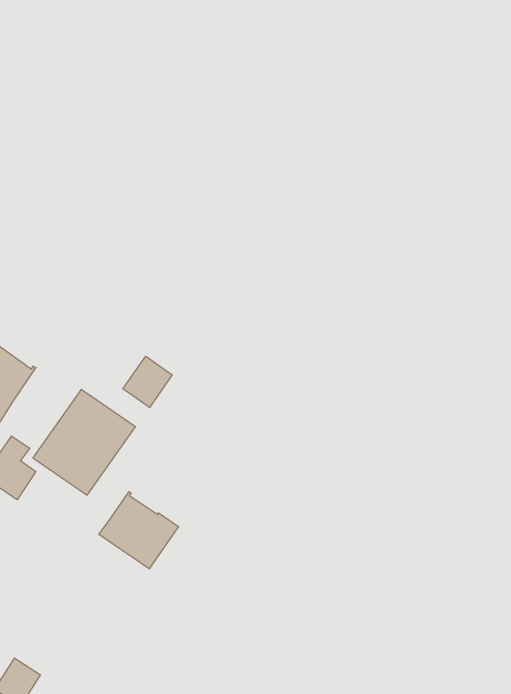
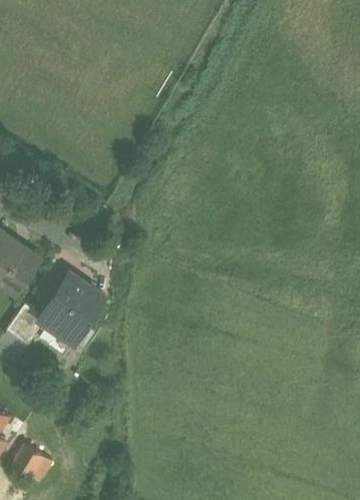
building: [123,356,172,408] -> none
building: [99,492,179,569] -> none

